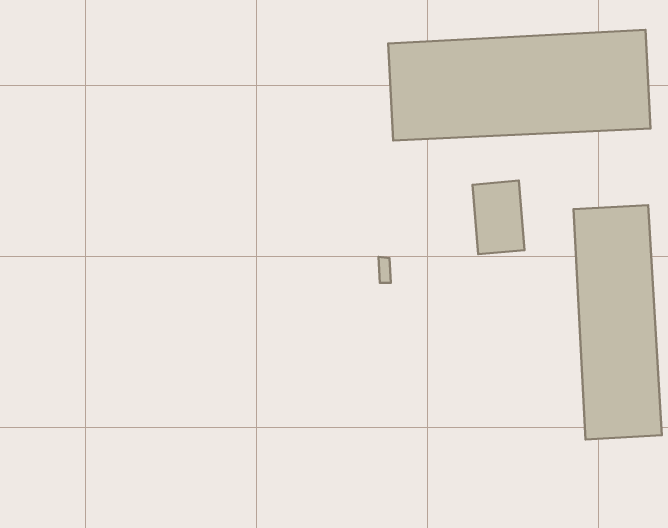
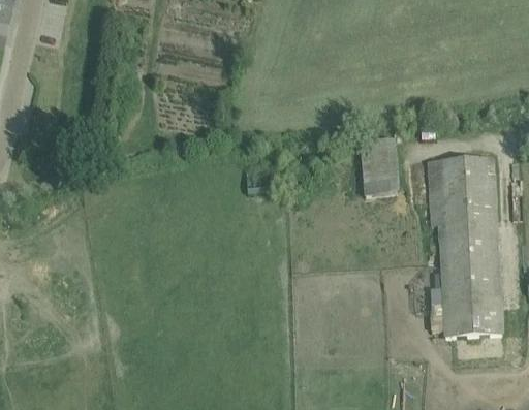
building: [388,30,651,141] -> none

